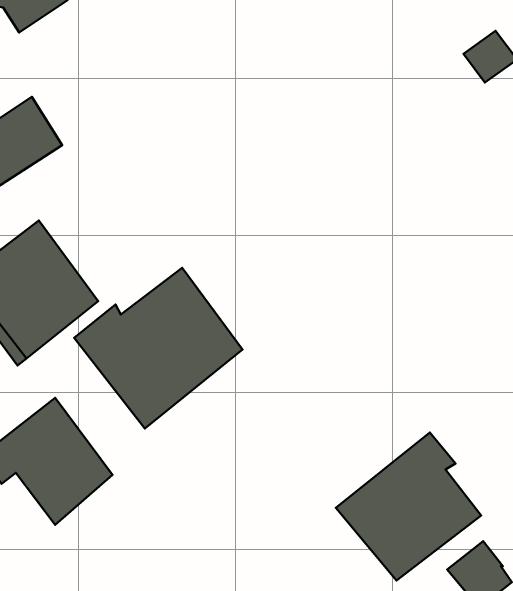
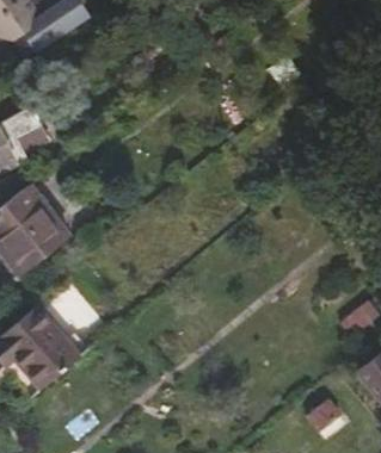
building: [74,268,242,428] -> none
building: [336,433,481,580] -> none

